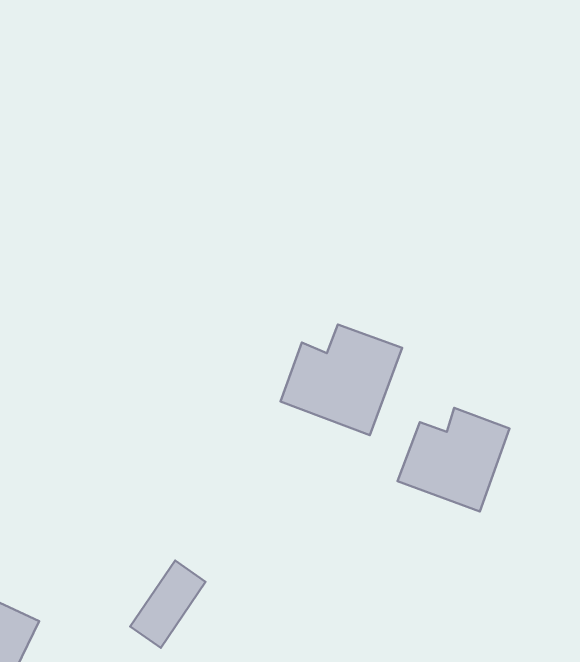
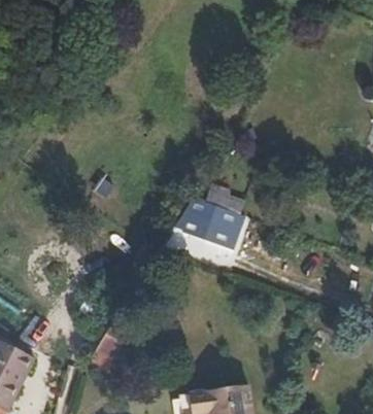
building: [398,408,509,511] -> none

